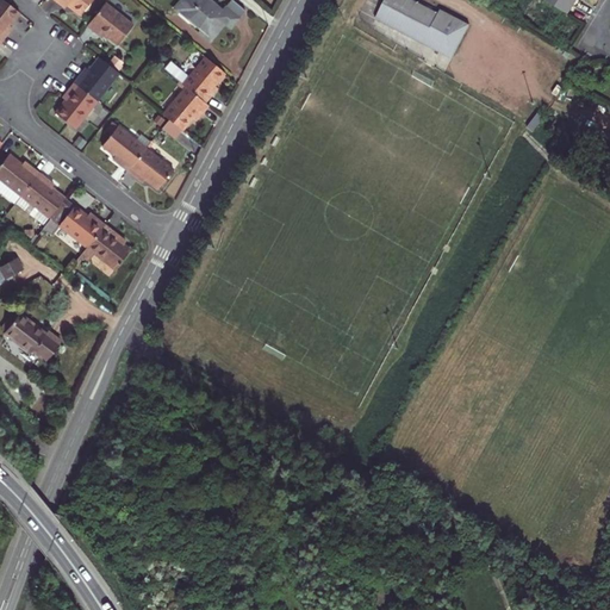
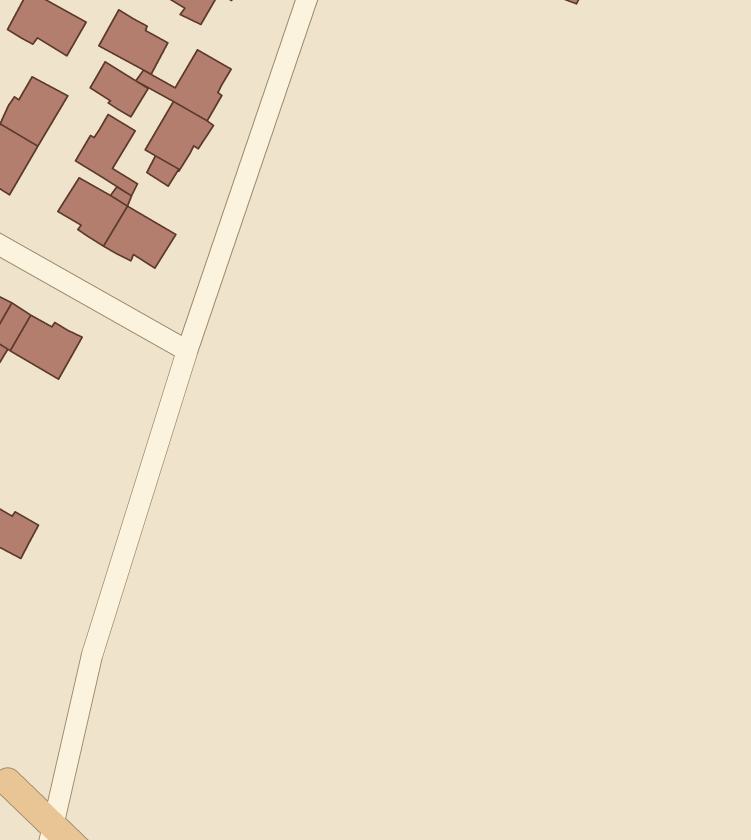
building: none -> [99,10,168,74]
building: none -> [90,62,148,117]
building: none -> [75,115,137,196]
building: [79,224,129,270] -> none

